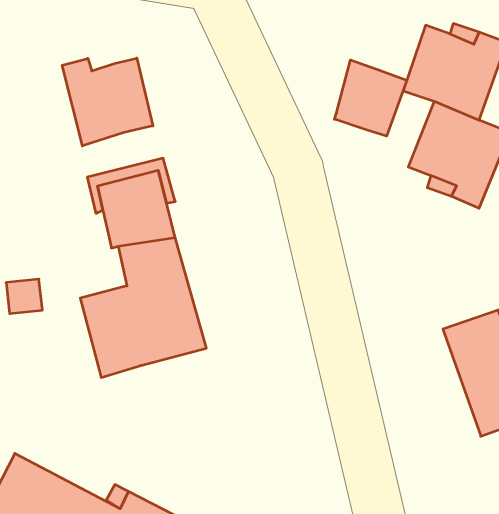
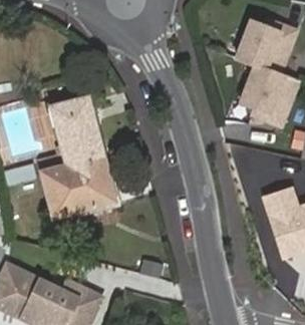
building: [62,58,153,146] -> none
building: [334,60,407,136] -> none

